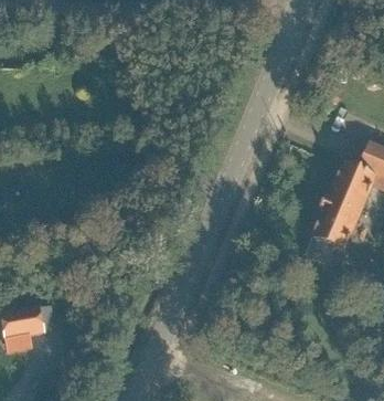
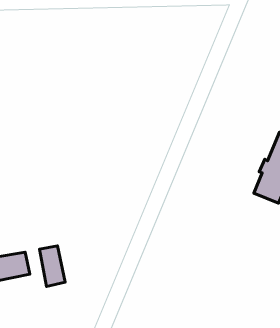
building: none -> [39,246,65,287]

